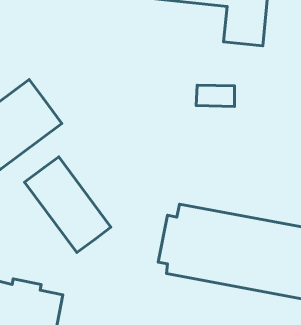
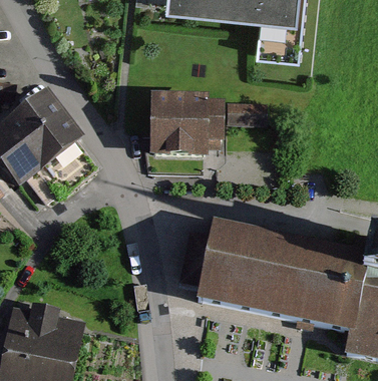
building: none -> [150,89,224,152]
building: [25,157,111,252] -> none

